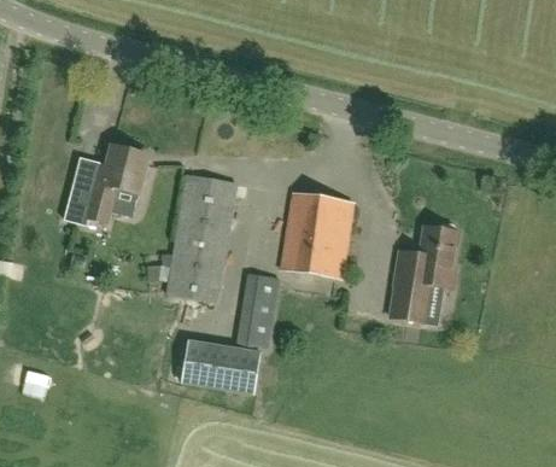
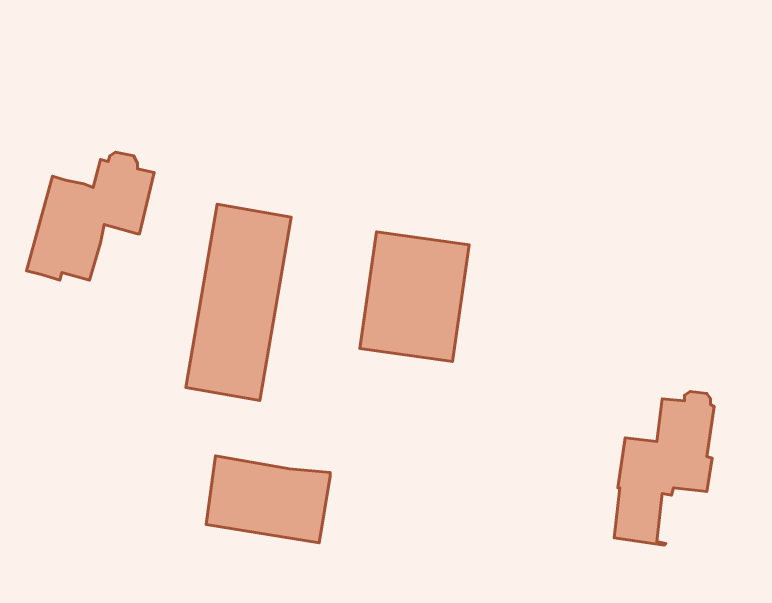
building: [393,220,458,320] -> [614,392,714,545]
building: [235,273,281,349] -> none

